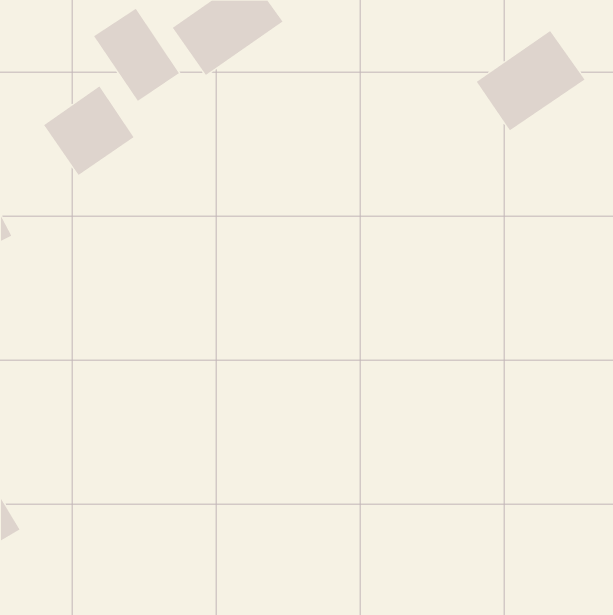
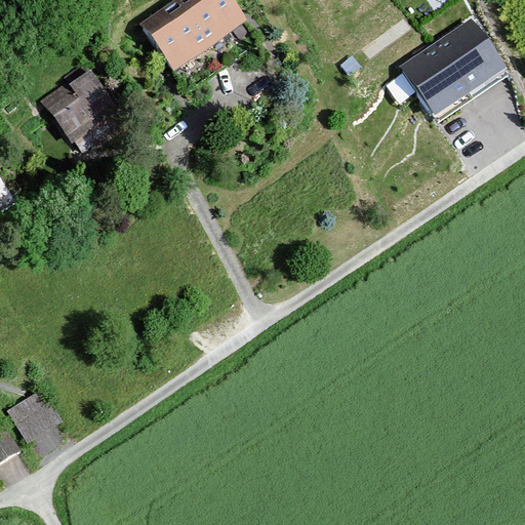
building: [93,8,180,102] -> none
building: none -> [11,393,60,440]

